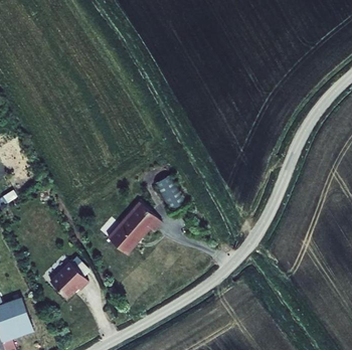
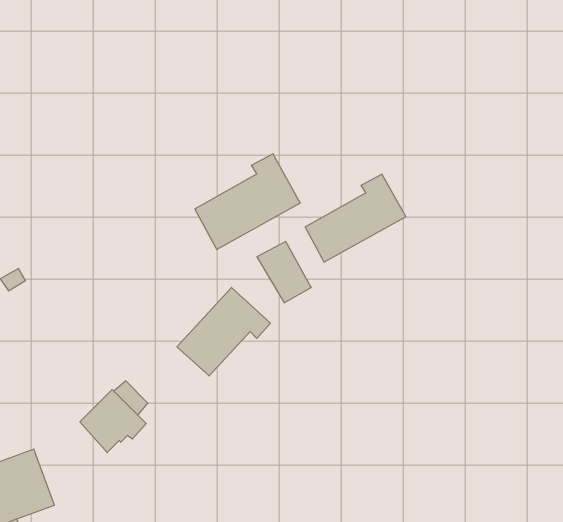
building: none -> [195,154,300,250]
building: none -> [305,174,406,262]

